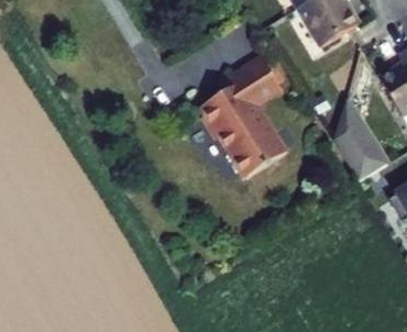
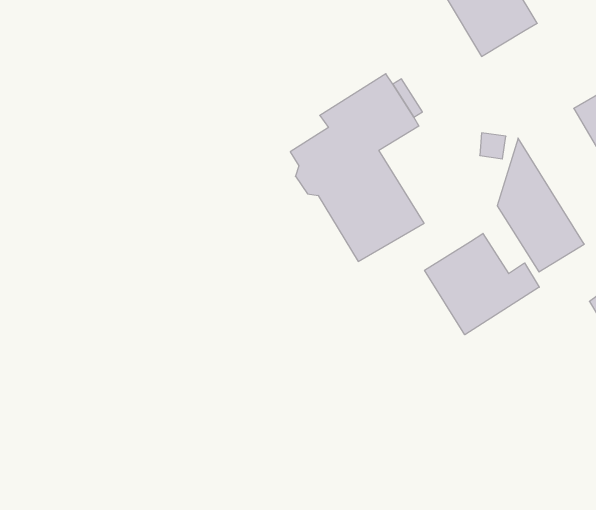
building: none -> [425,233,539,335]

